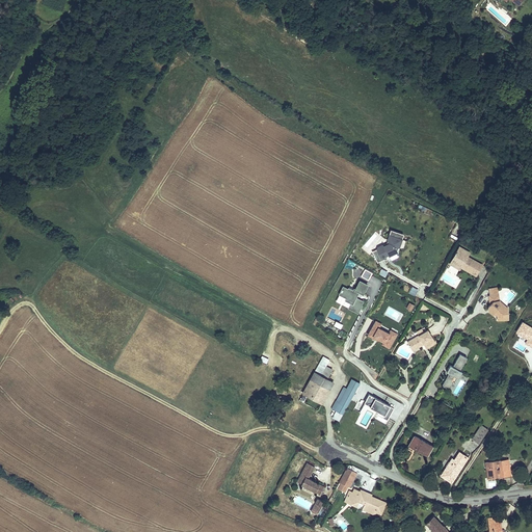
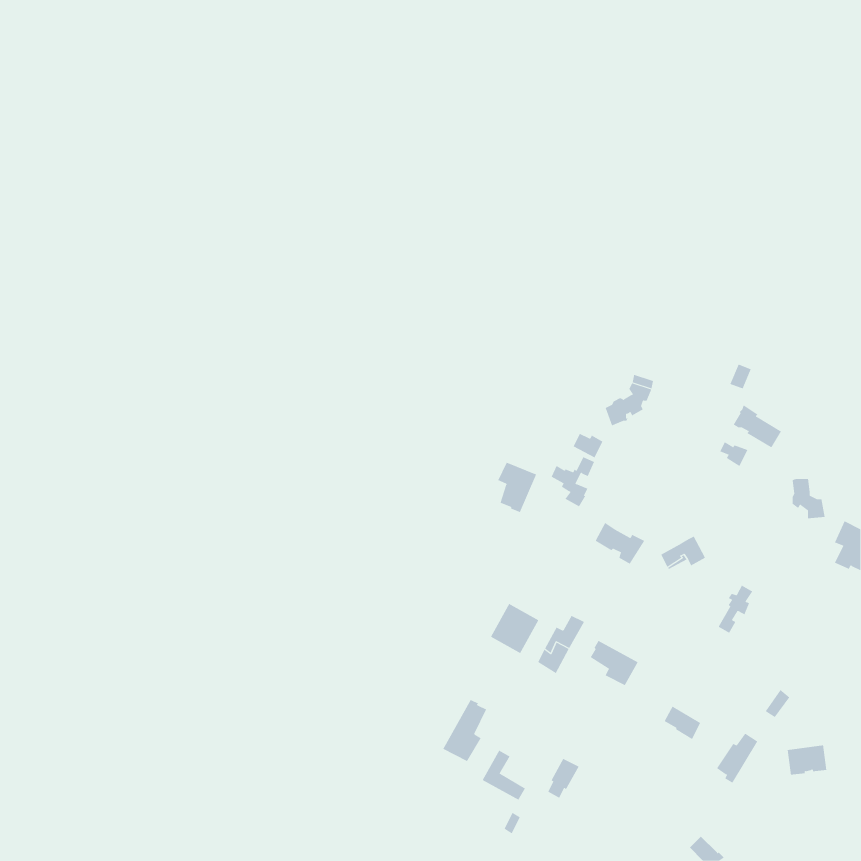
building: none -> [498,462,537,513]
building: none -> [443,699,487,762]
building: [347,489,385,513] -> none

